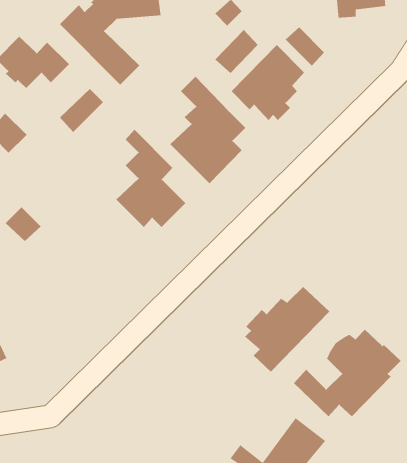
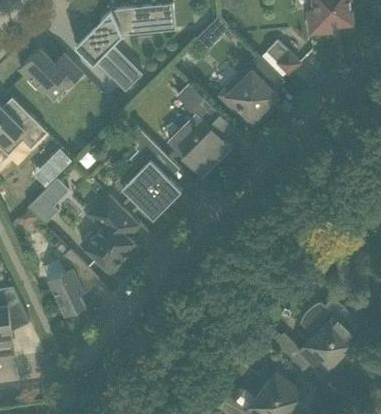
building: [215,29,259,74] -> none
building: [59,88,104,133] -> [34,150,72,188]
building: none -> [85,195,140,275]
building: none -> [48,250,99,317]
building: [244,286,330,372] -> none

